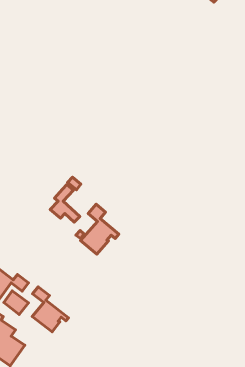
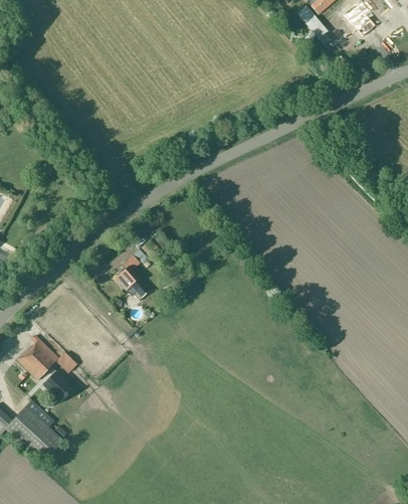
building: [81,204,119,254] -> none
building: [32,287,68,332] -> none

